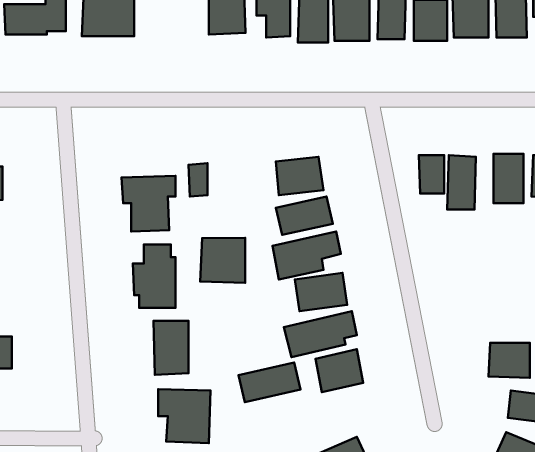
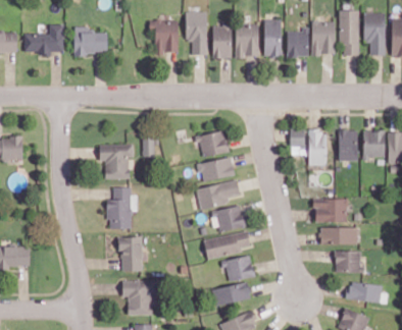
building: [200,238,245,283] -> none
building: none -> [314,199,347,222]
building: none -> [320,227,357,244]
building: [239,363,301,402] -> [211,281,251,307]

